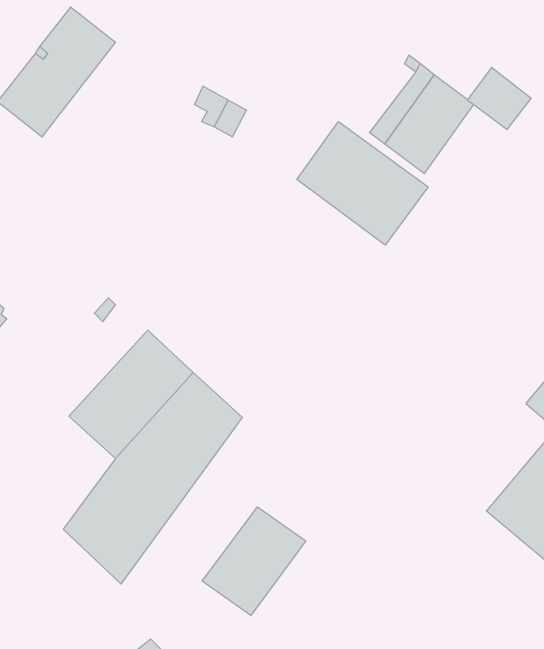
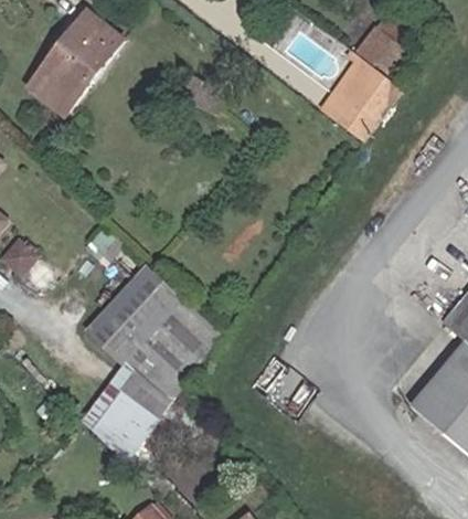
building: [468,67,531,129] -> [355,24,405,73]
building: [297,122,428,245] -> none
building: [202,507,306,616] -> none

